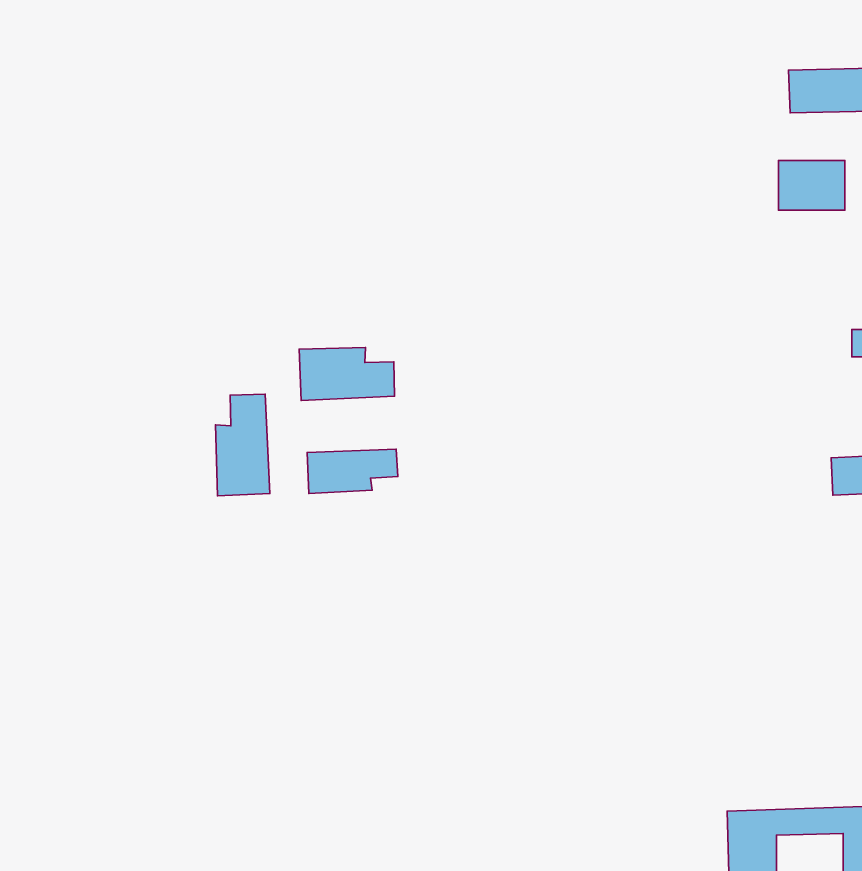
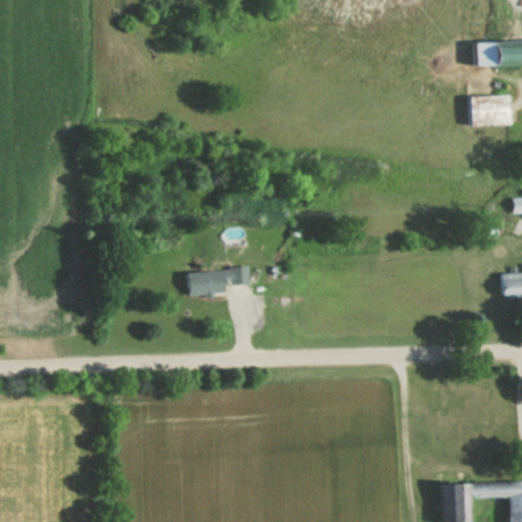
building: [299,347,395,400] -> none
building: [215,394,270,496] -> none

